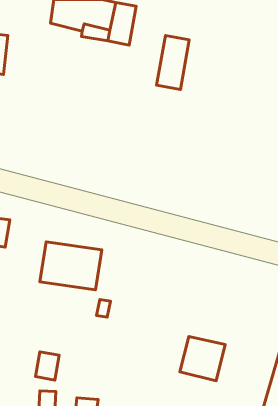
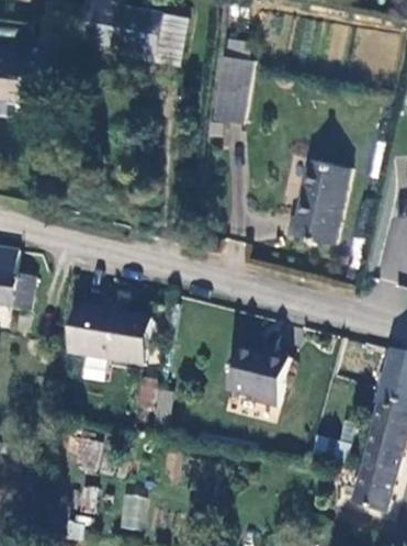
building: none -> [287,154,351,238]
building: [180,336,225,381] -> [230,345,286,400]

